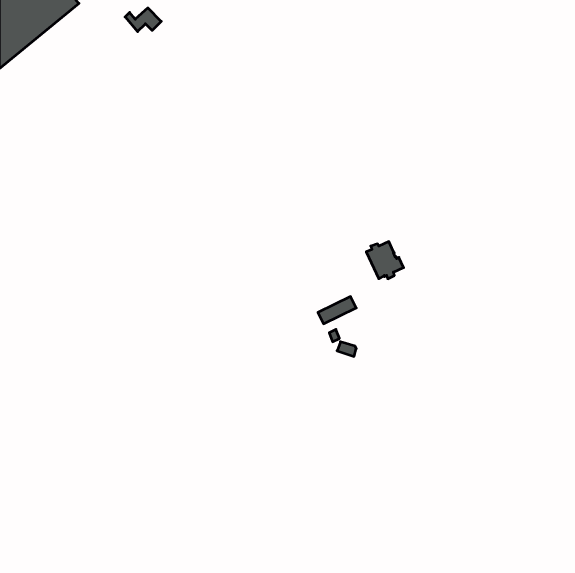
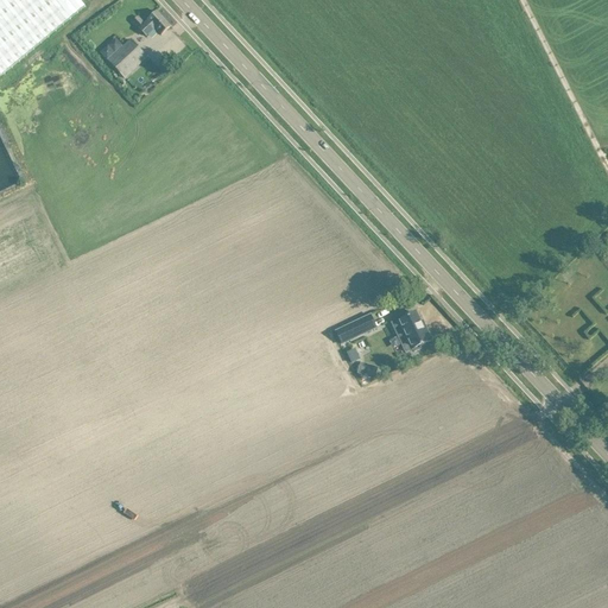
building: none -> [107,37,146,75]
building: [366,242,404,279] -> [391,310,430,349]

